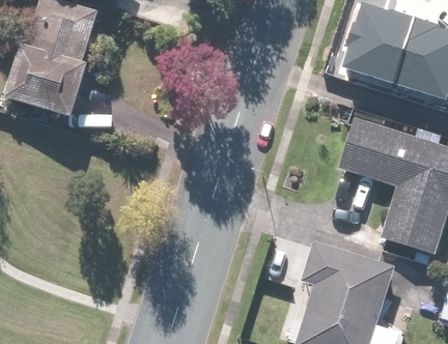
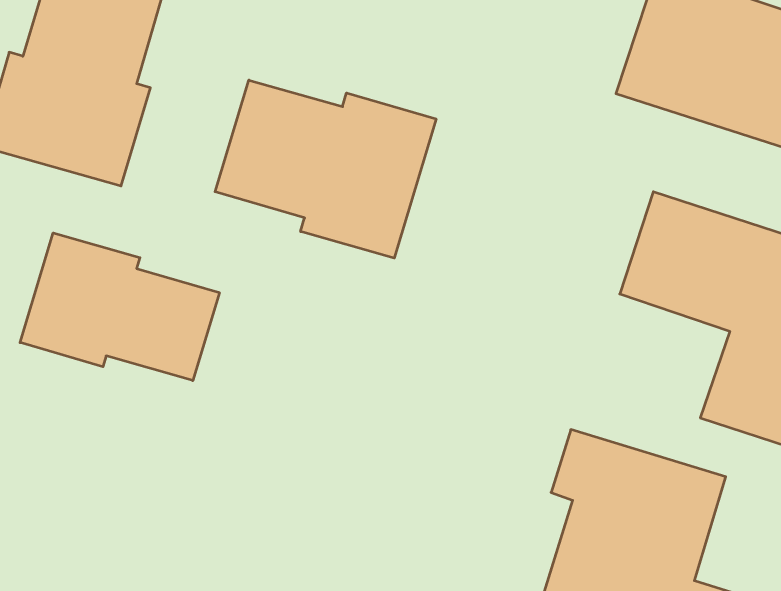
building: none -> [215,80,436,258]
building: none -> [20,233,219,381]

